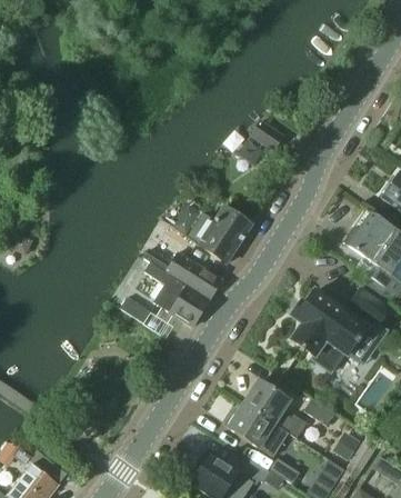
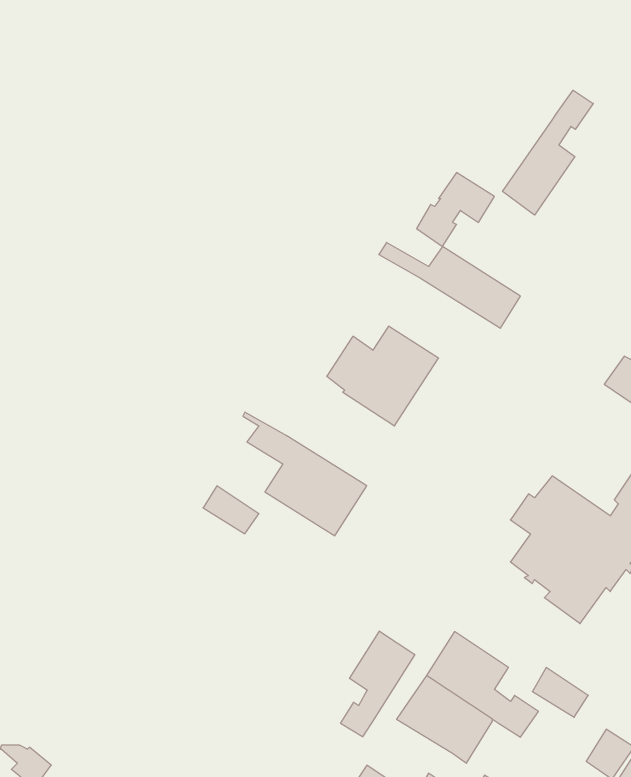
building: none -> [503,90,593,215]
building: [143,249,222,297] -> [379,242,520,328]
building: none -> [341,631,415,737]

